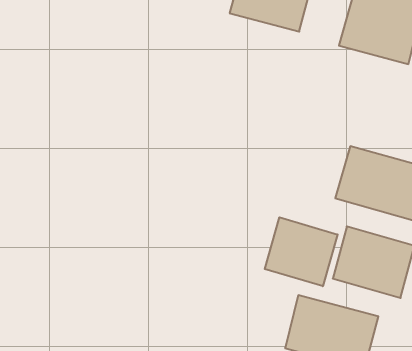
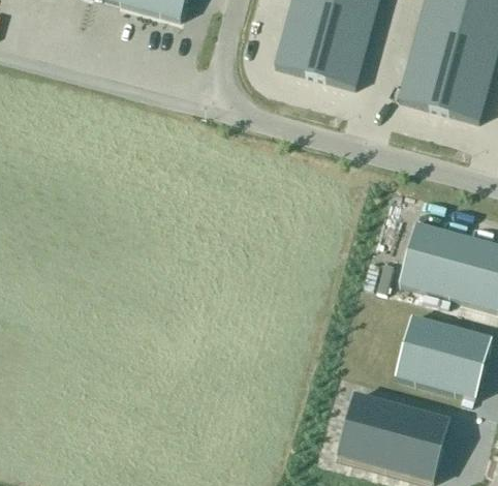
building: [265,217,338,286] -> none

